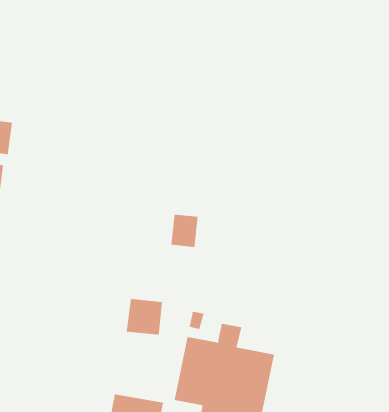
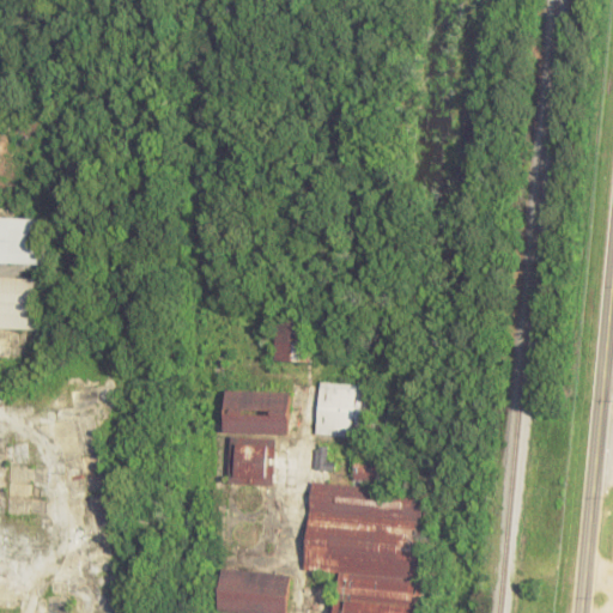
building: none -> [221,390,286,436]
building: none -> [312,384,359,439]

